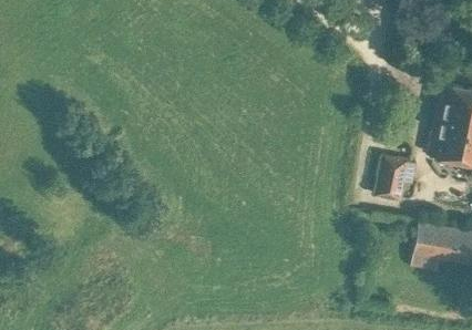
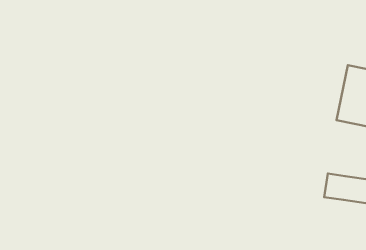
building: [378,158,409,202] -> none

